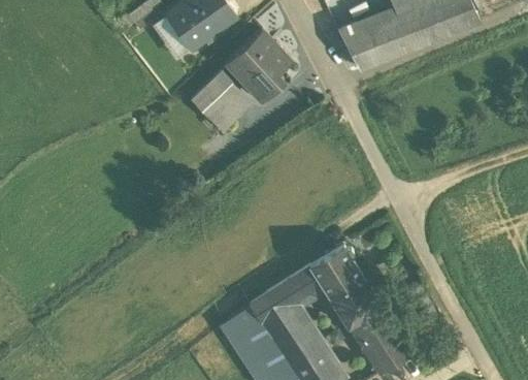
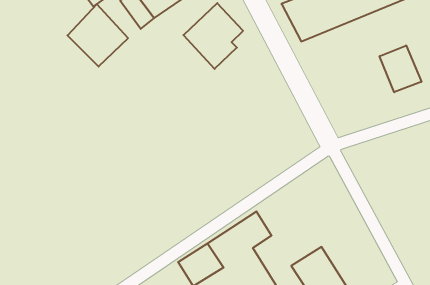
building: [190,62,260,134] -> [67,4,128,67]
building: none -> [380,45,421,92]
building: [308,244,384,329] -> none

